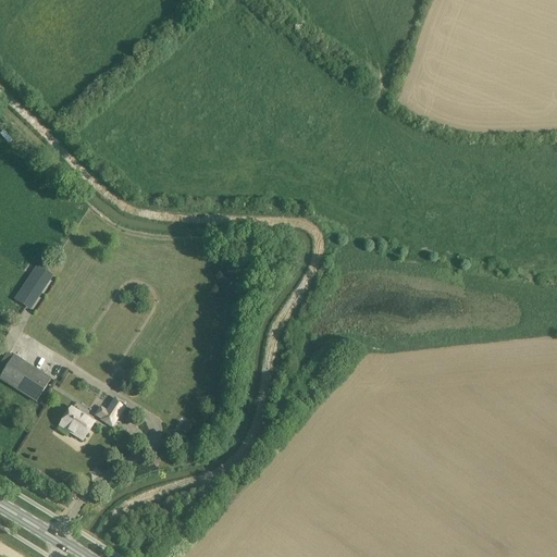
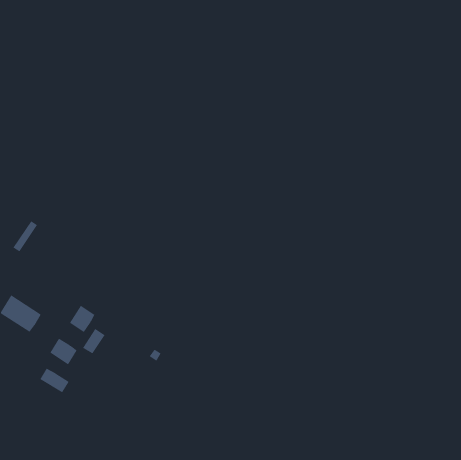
building: none -> [69,305,95,333]
building: none -> [39,368,69,393]

